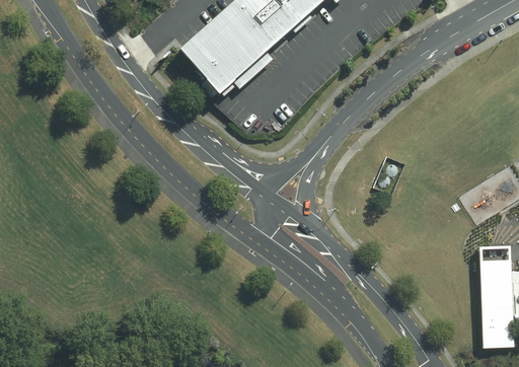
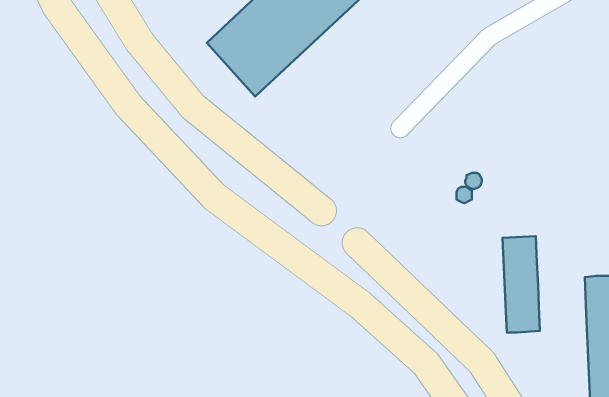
building: none -> [503,236,540,333]

